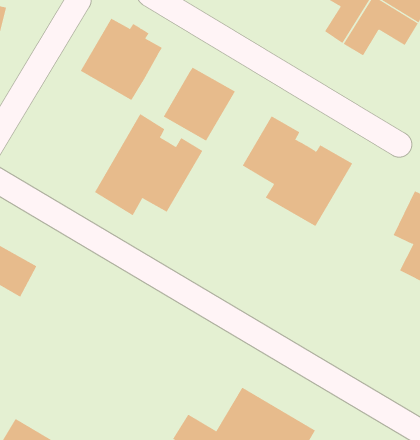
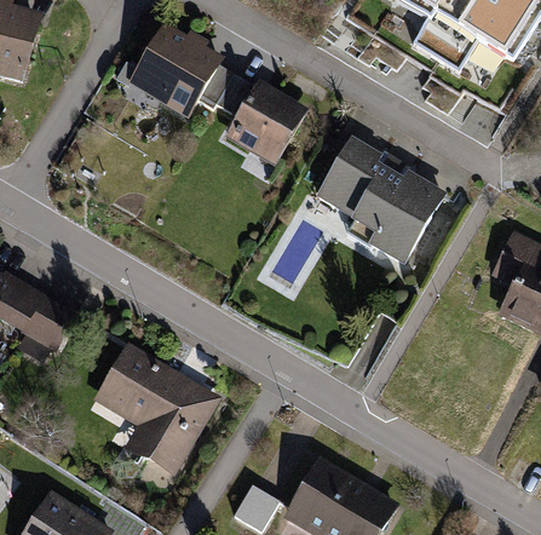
building: none -> [200,65,253,117]
building: [94,113,203,216] -> none
building: none -> [93,341,220,474]

